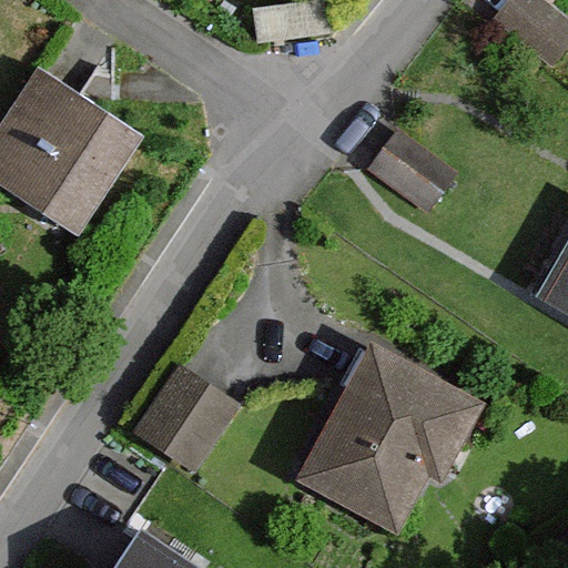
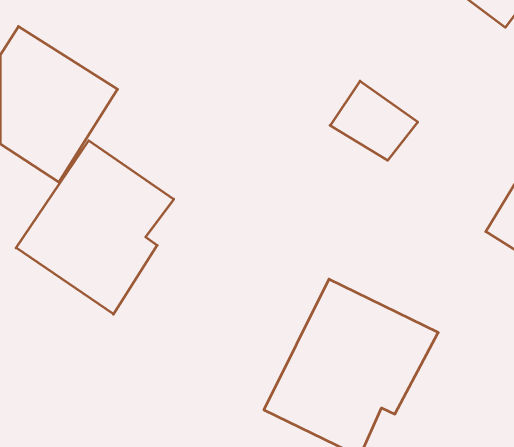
building: none -> [16,141,174,314]
building: [135,364,243,476] -> none

